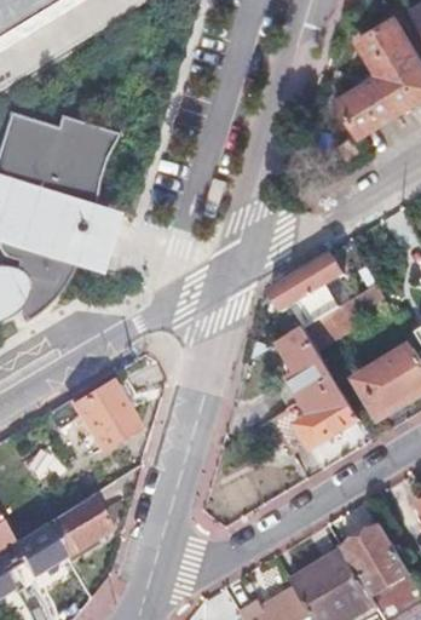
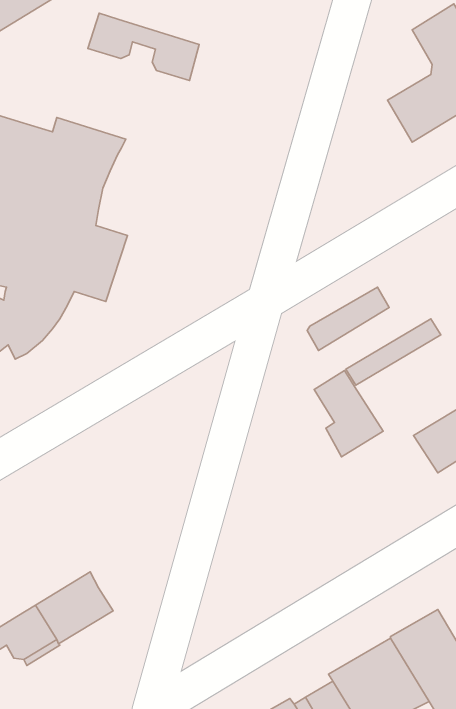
building: none -> [88,13,199,80]
building: [270,377,359,457] -> none
building: [71,383,135,449] -> none

